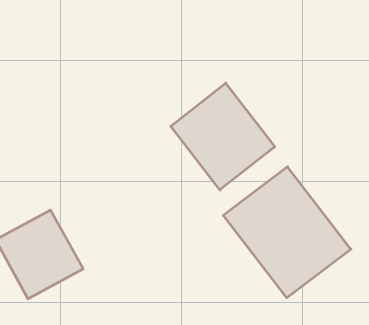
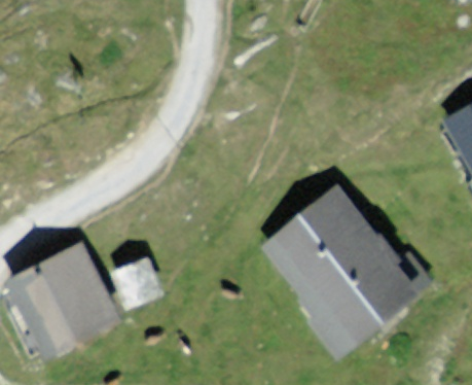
building: [171,83,275,190] -> none

